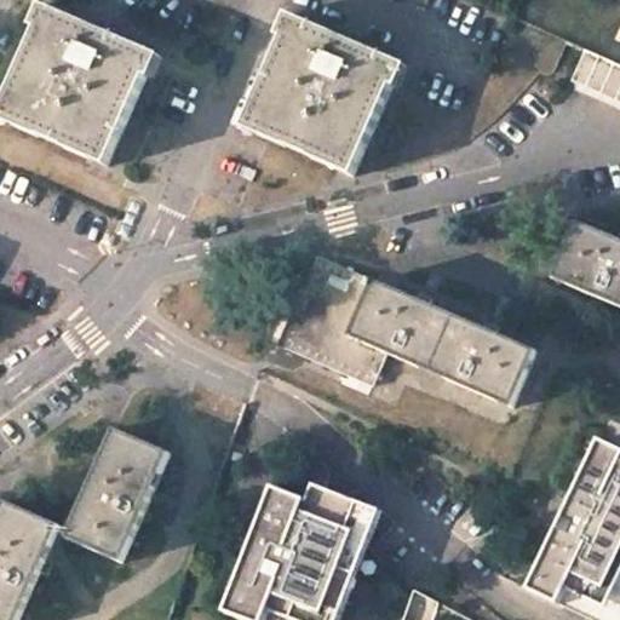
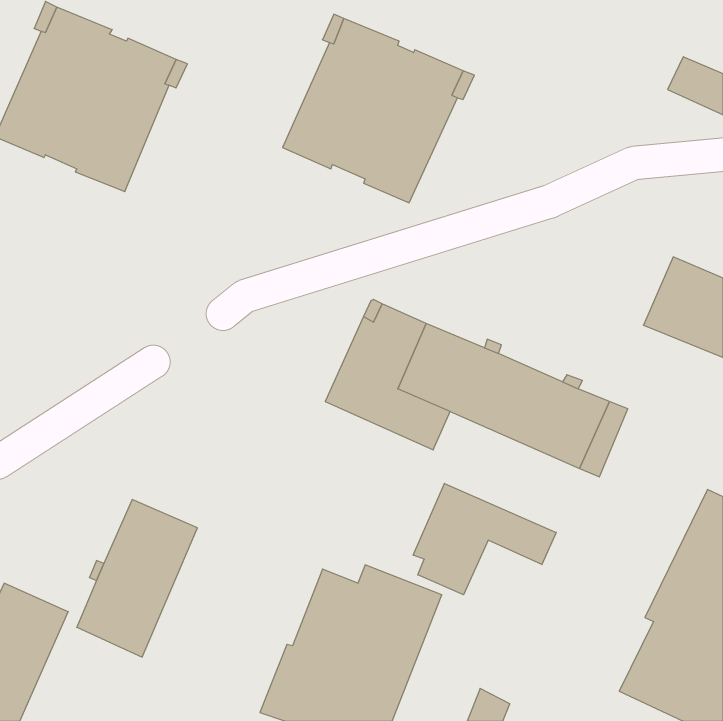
building: none -> [413,483,556,595]

